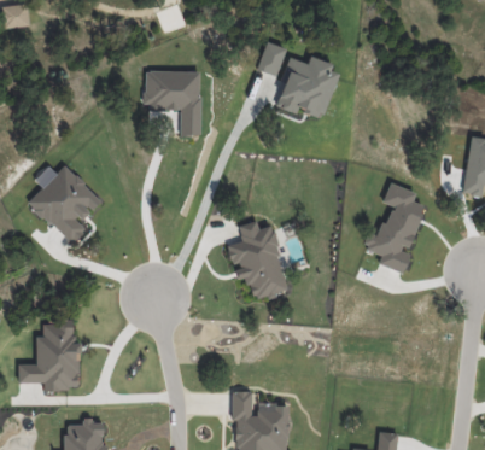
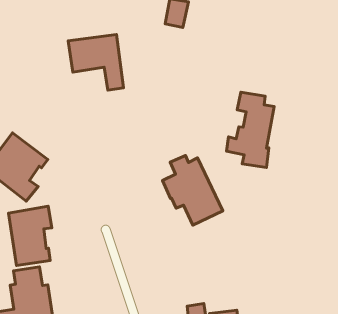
building: [275,57,338,118] -> none
building: [363,183,425,273] -> [226,92,274,168]
building: none -> [8,206,52,266]

